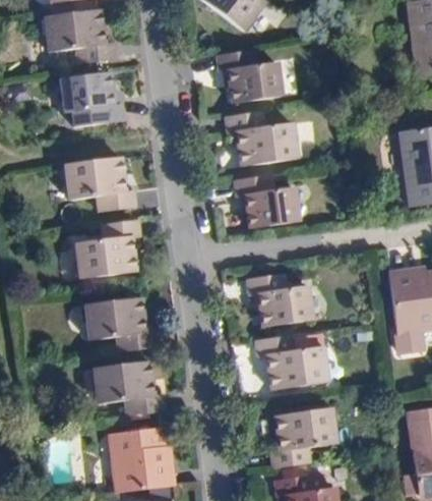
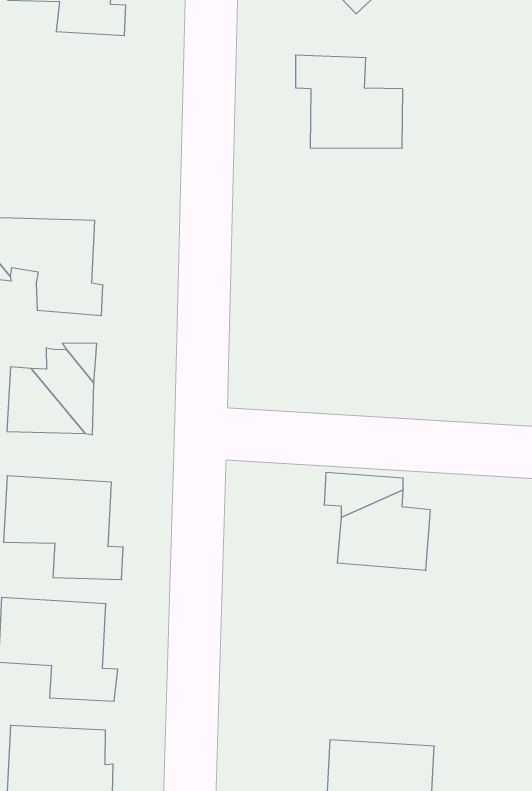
building: [58,74,121,126] -> none
building: [213,109,285,166] -> none
building: [226,173,290,224] -> none
building: [266,330,336,385] -> none

